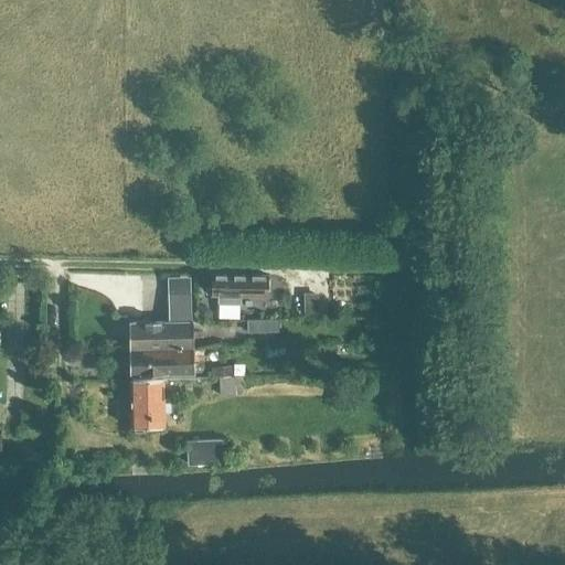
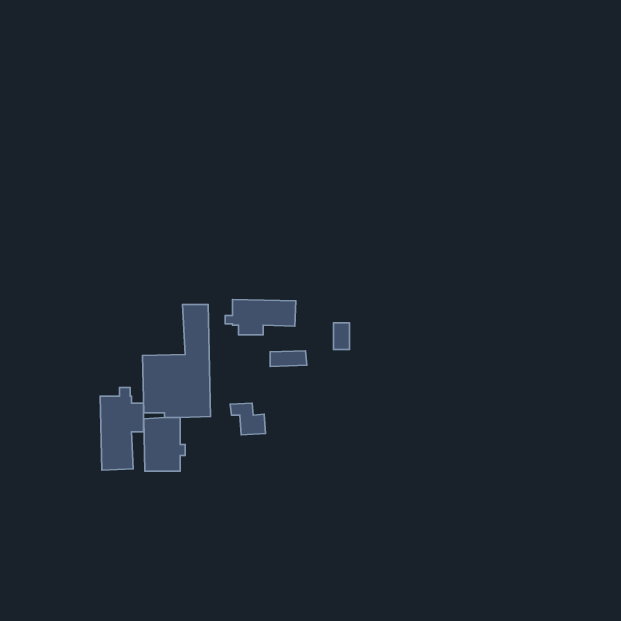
building: none -> [100,388,144,470]
building: [192,441,226,466] -> none

